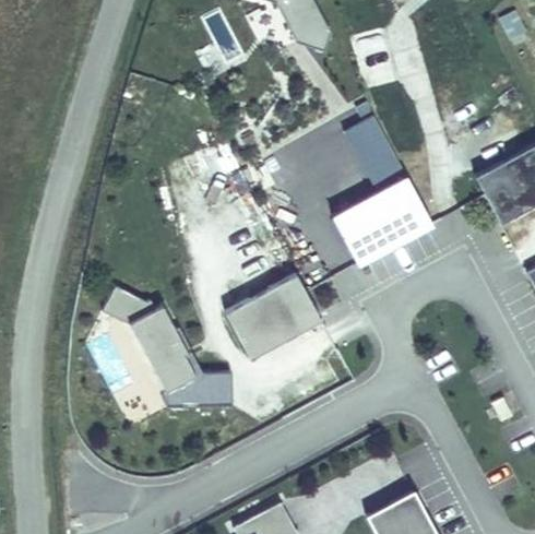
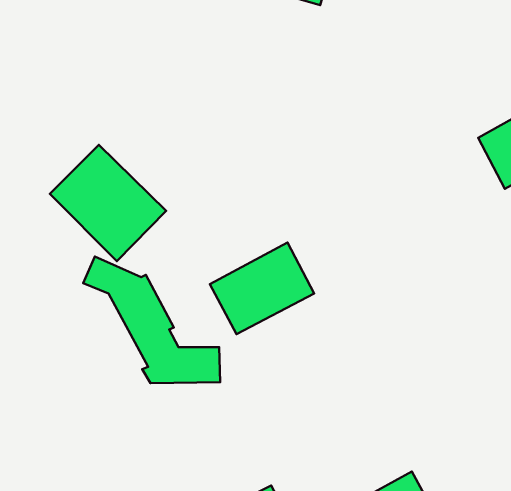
building: [331,175,435,266] -> none
building: none -> [50,145,166,261]

